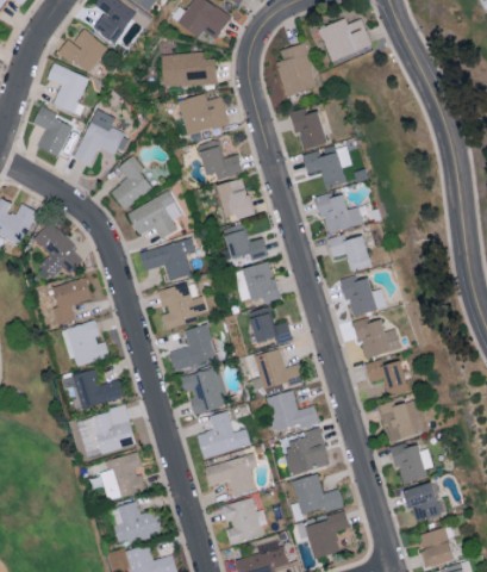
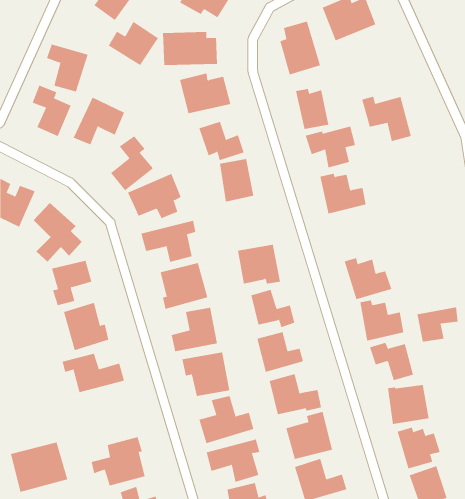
building: [57,30,107,74] -> [108,21,159,66]
building: none -> [362,96,412,142]
building: [225,229,267,261] -> none
building: [326,234,372,273] -> none
building: none -> [417,306,458,342]
building: [79,408,136,458] -> [10,442,68,493]

